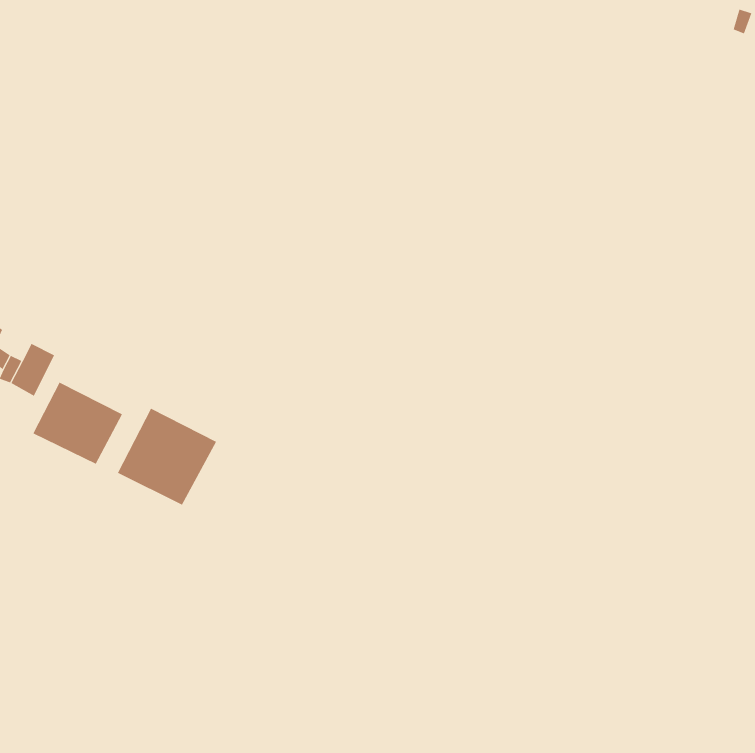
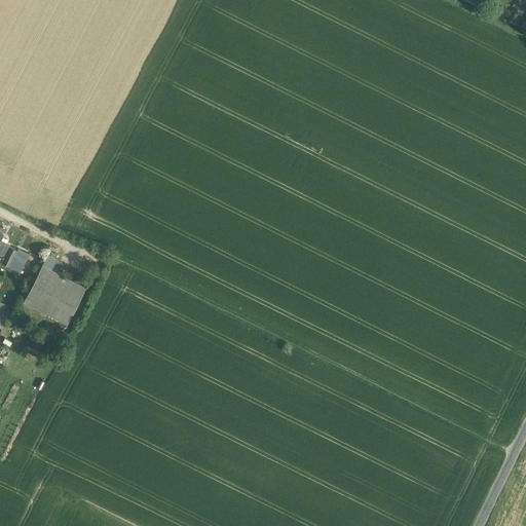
building: [117,408,217,505] -> none

